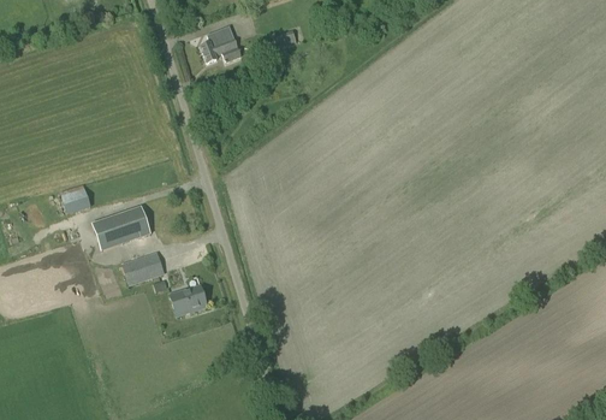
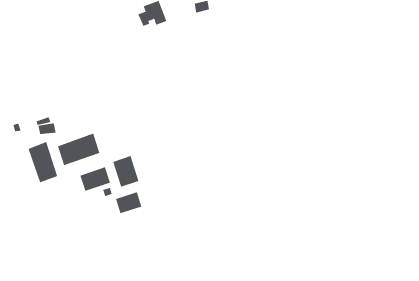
building: none -> [28,141,58,183]
building: none -> [112,155,139,188]

